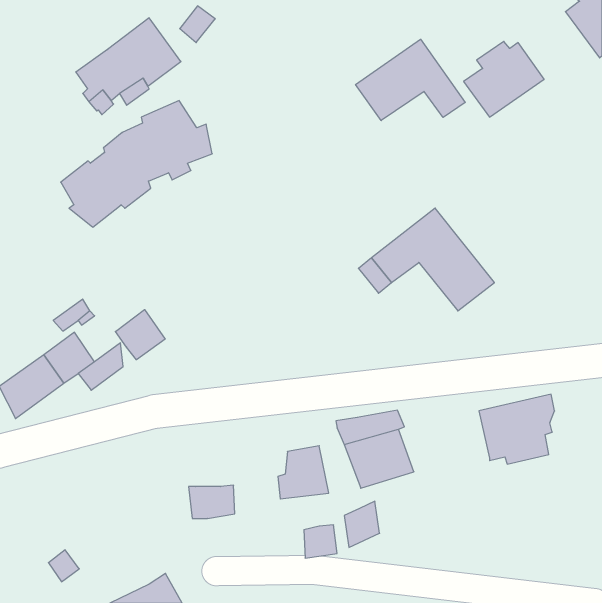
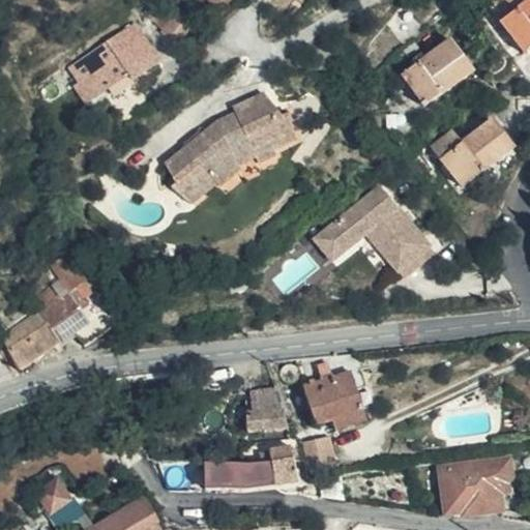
building: [356,39,465,121] -> none
building: [61,101,212,227] -> [160,91,293,202]
building: none -> [431,125,516,197]
building: [115,310,165,360] -> none
building: [479,394,555,464] -> [439,458,505,519]
building: [189,485,235,518] -> [227,464,267,493]

